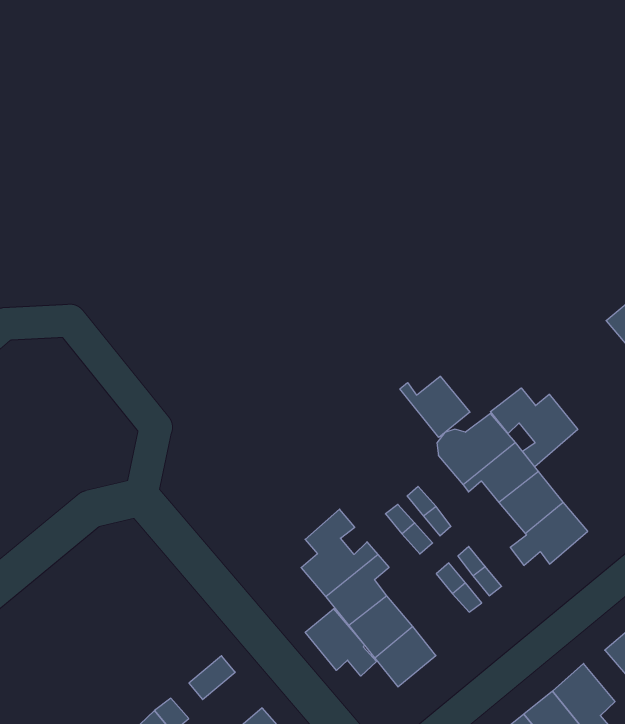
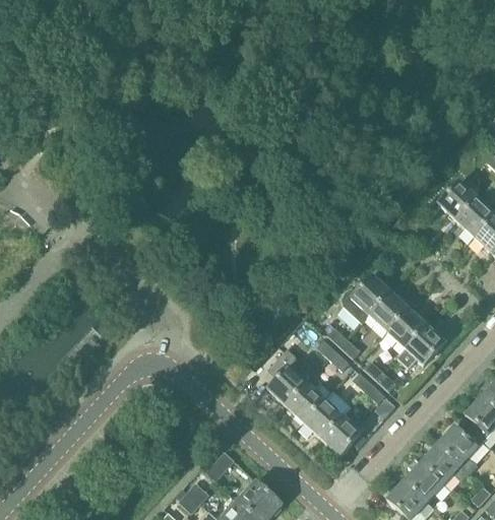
building: [400,376,470,437] -> none
building: [490,388,578,467] -> none
building: [305,609,377,676] -> none

